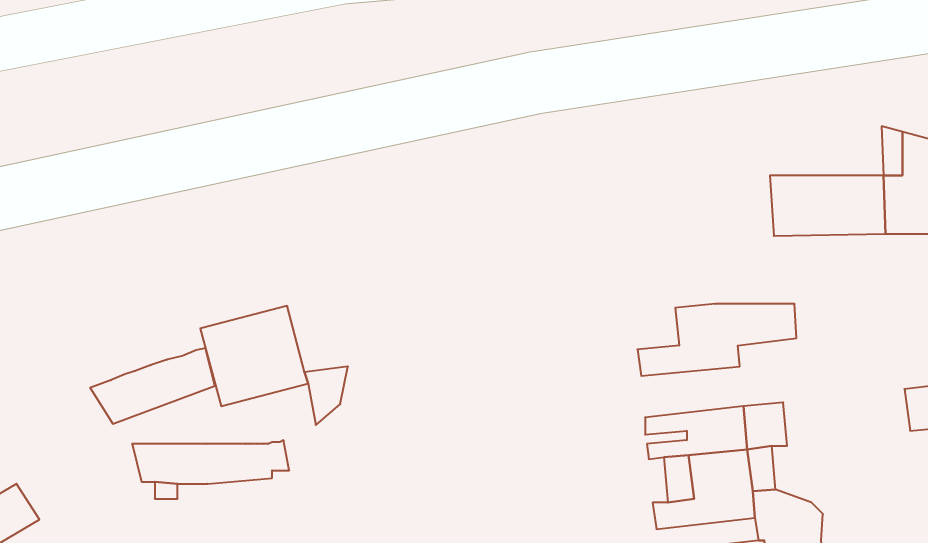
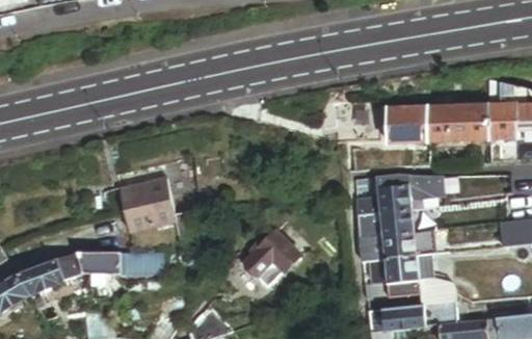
building: none -> [389,105,431,138]
building: [90,348,215,424] -> [16,253,84,294]
building: none -> [358,210,415,238]
building: none -> [240,232,299,278]

